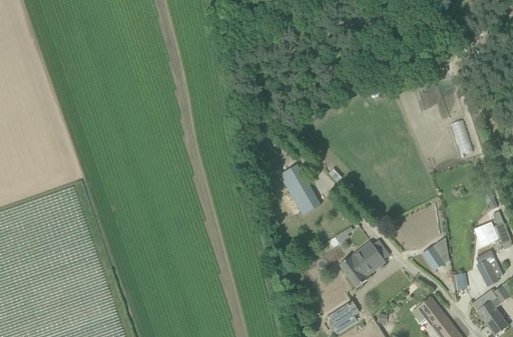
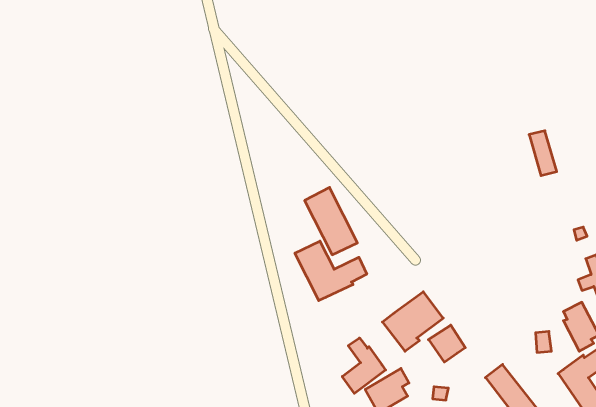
building: none -> [295,241,367,301]
building: [423,241,451,269] -> [428,325,465,362]
building: none -> [342,338,386,393]

